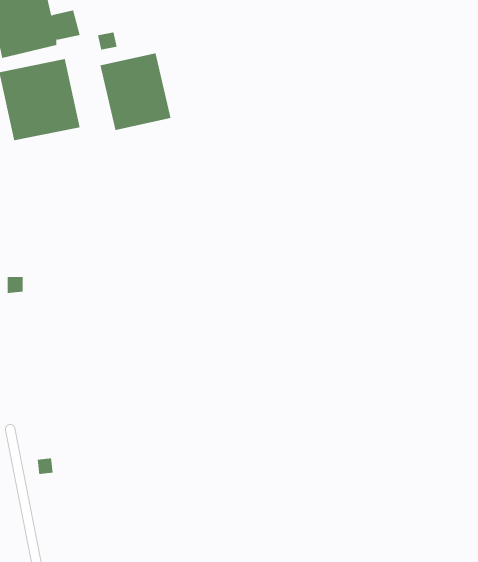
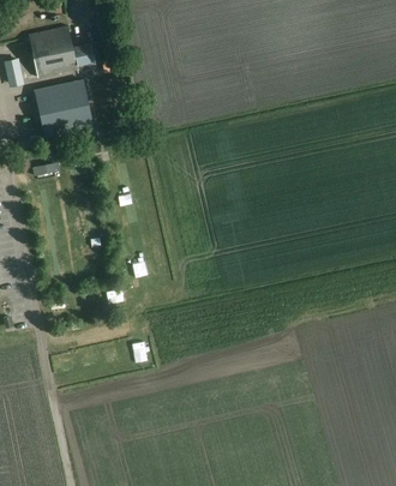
building: [100,53,171,131] -> none

